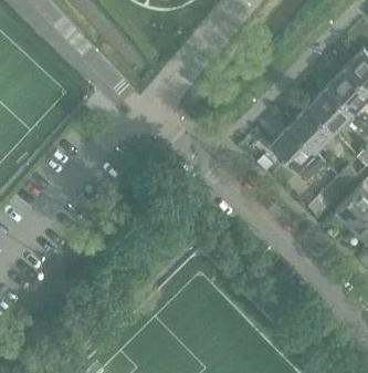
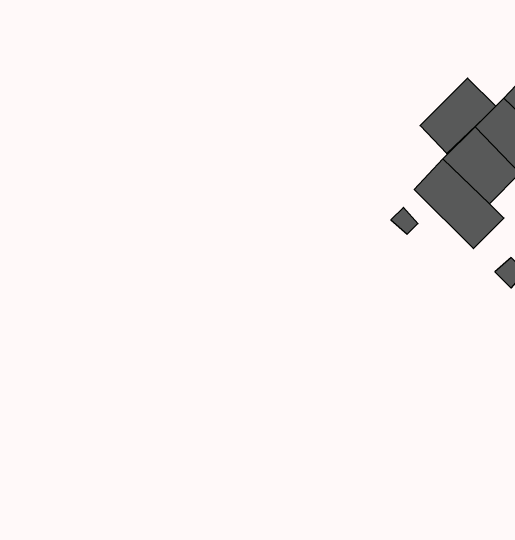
building: none -> [420,78,496,154]

